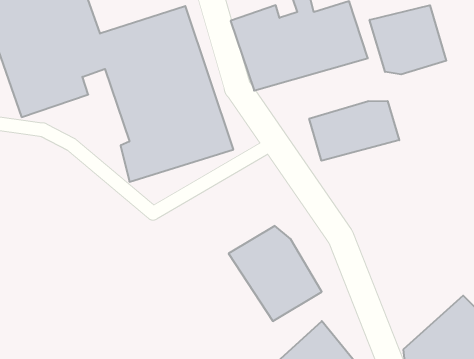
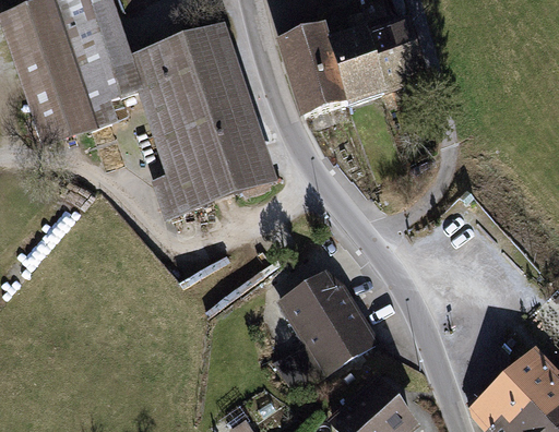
building: [370,5,446,74] -> none
building: [309,101,399,161] -> none

